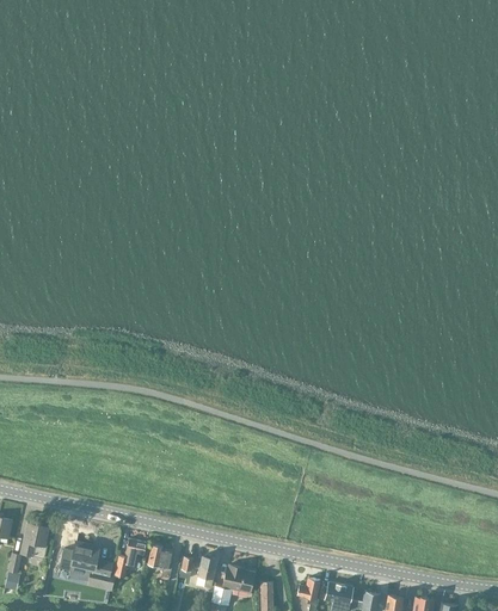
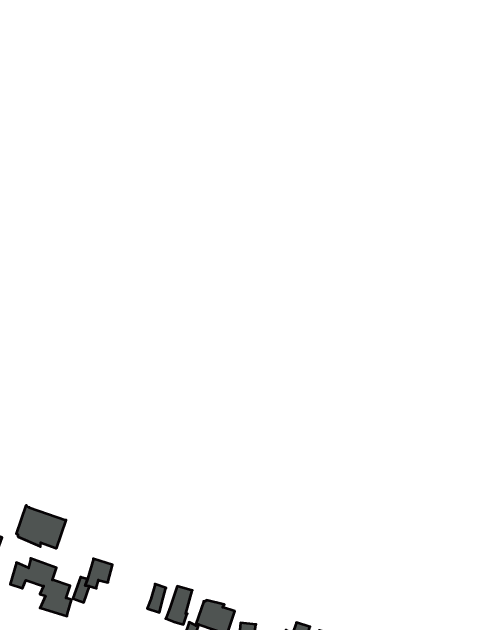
building: none -> [16,505,66,548]
building: [148,544,173,578] -> none

